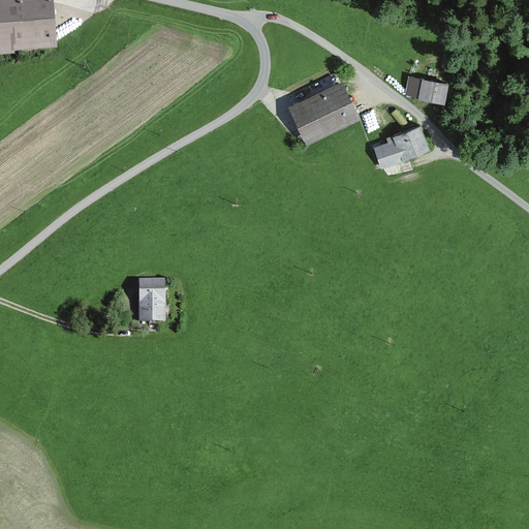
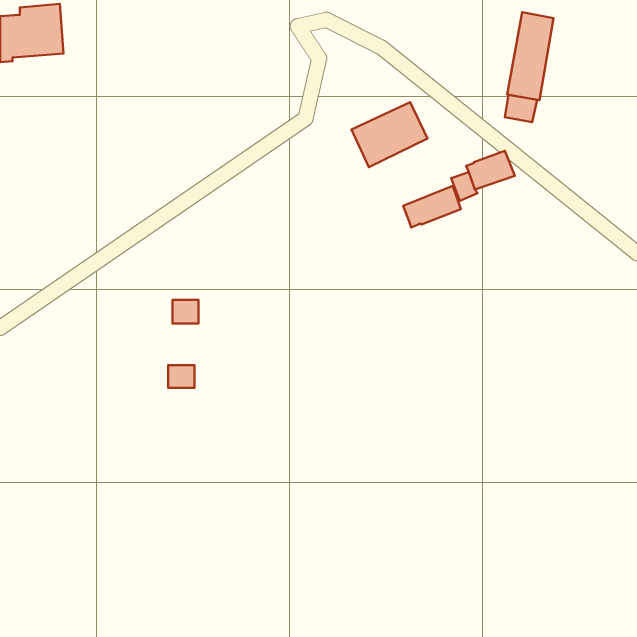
building: none -> [507,12,554,100]
building: none -> [403,186,461,227]
building: [139,283,161,303] -> [172,300,199,323]

